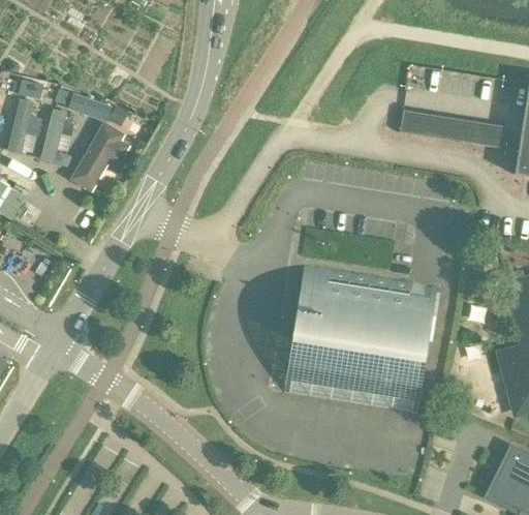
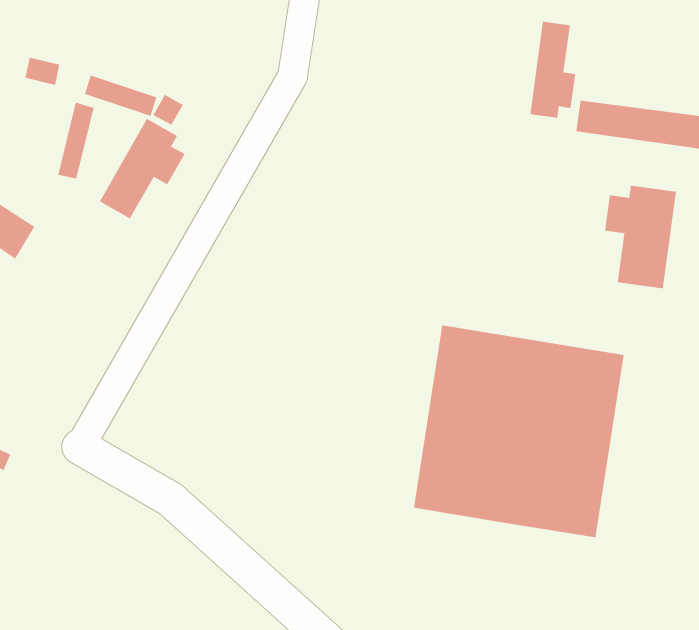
building: none -> [530,21,576,119]
building: [6,99,39,153] -> none
building: none -> [604,185,676,289]

